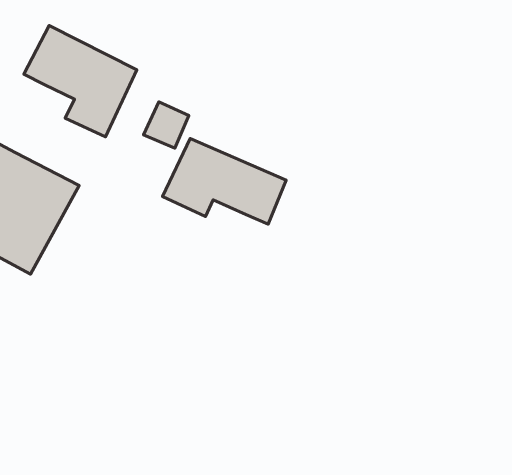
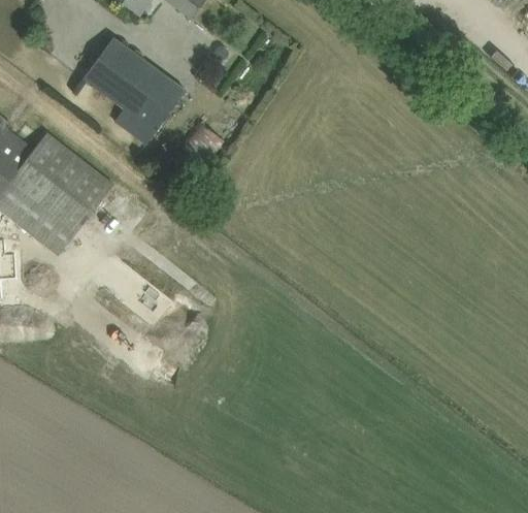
building: [163,138,286,224] -> none

